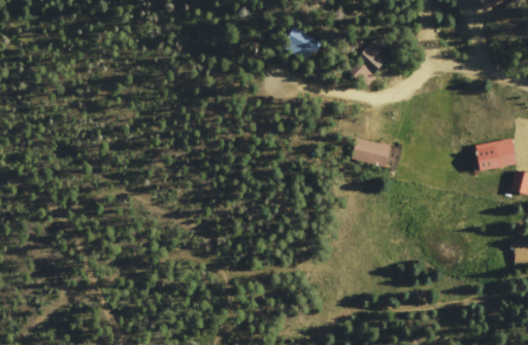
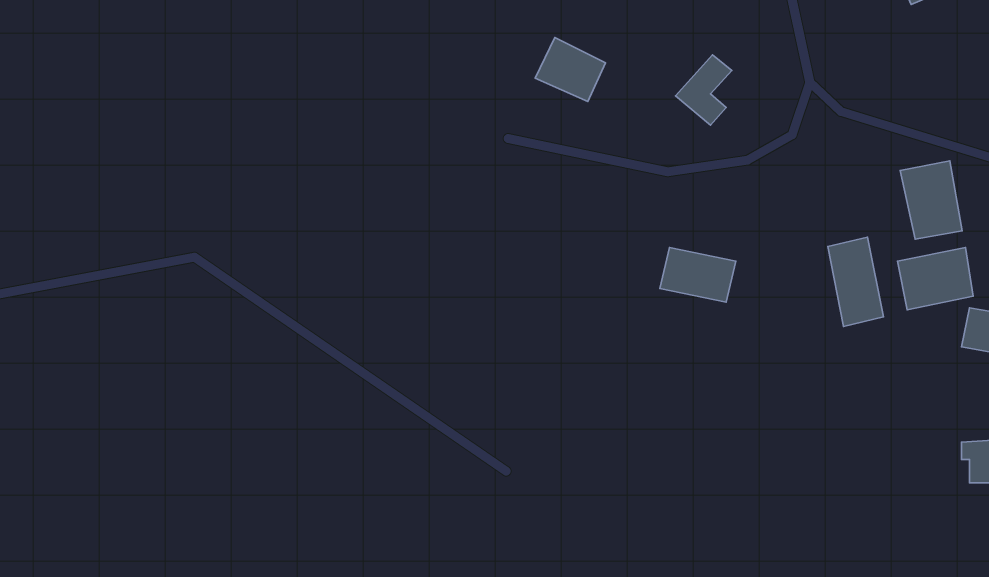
building: none -> [900,161,962,239]
building: none -> [828,237,883,326]

